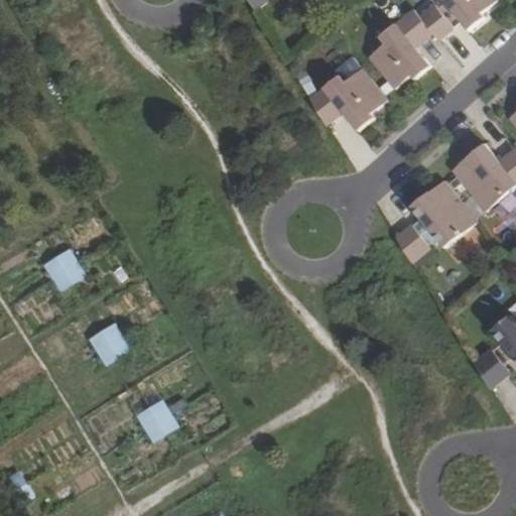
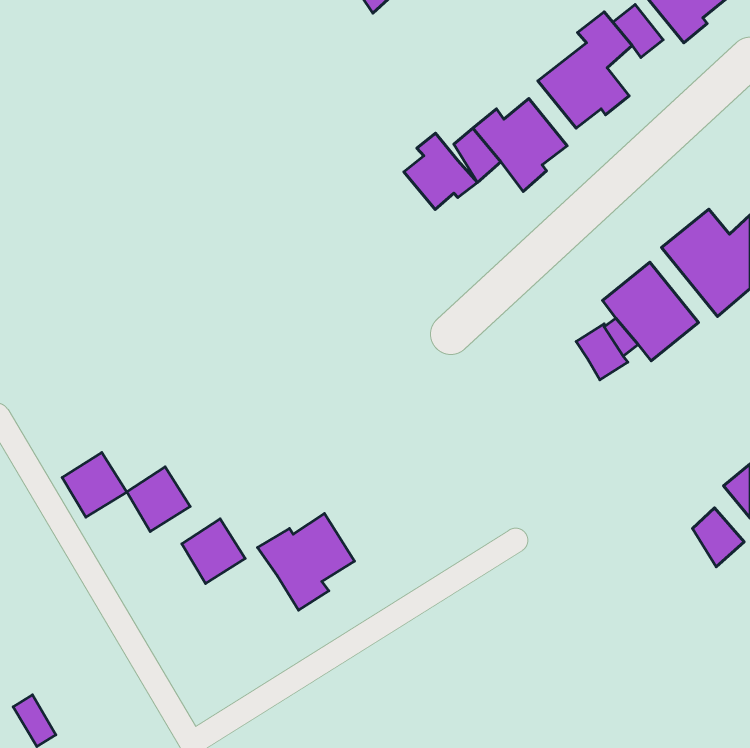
building: none -> [404,133,477,210]
building: [40,245,85,289] -> [62,452,127,517]
building: none -> [258,514,354,610]
building: [135,398,178,442] -> [182,519,245,584]

